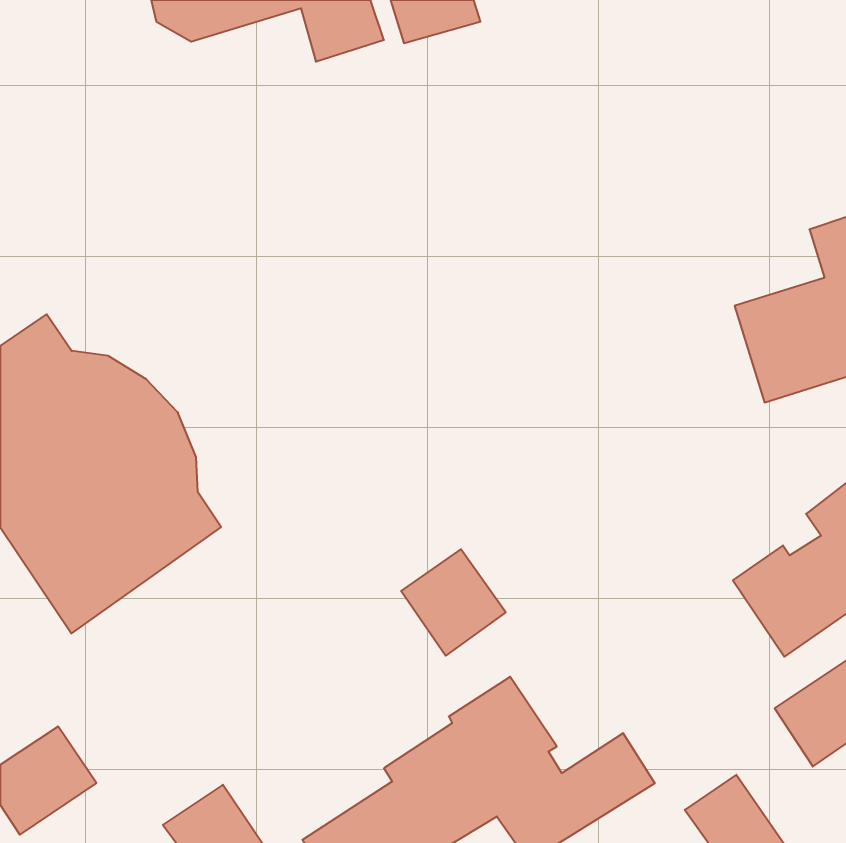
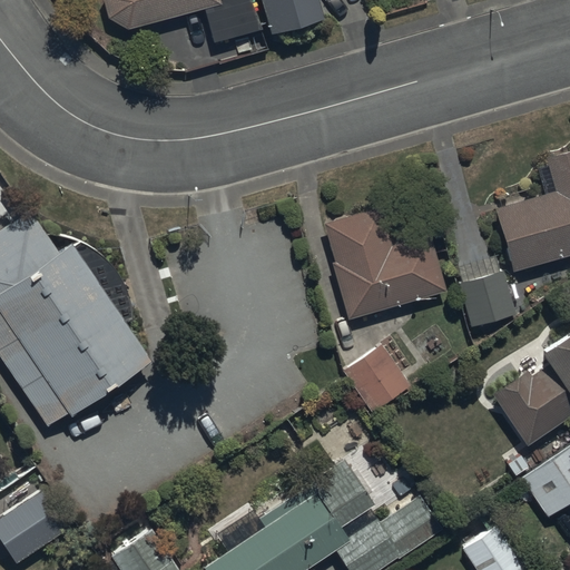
building: none -> [324,208,446,318]
building: none -> [456,256,517,328]
building: [401,549,506,656] -> [342,344,412,415]

